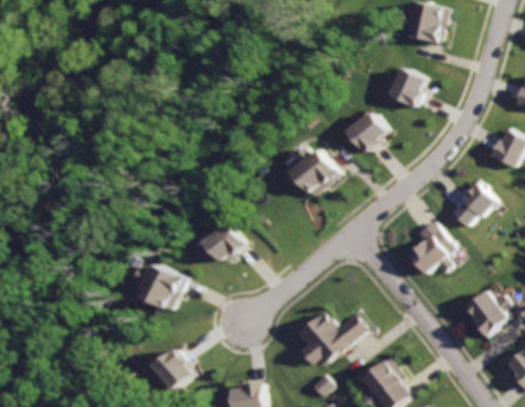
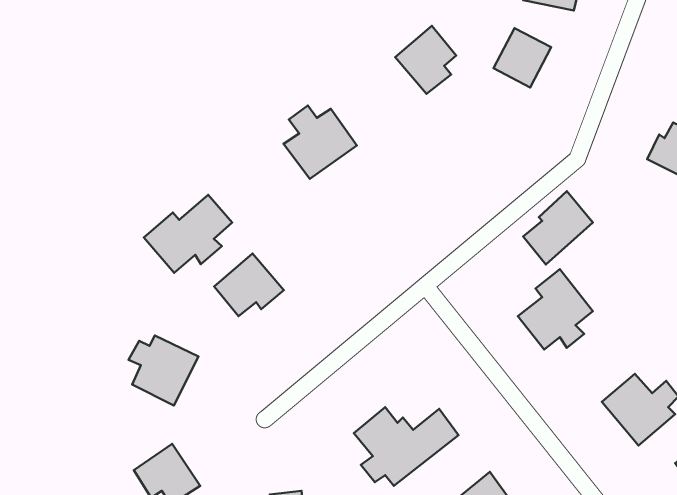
building: [342,102,384,148] -> [395,26,456,94]
building: [296,152,346,202] -> [284,105,357,179]
building: none -> [144,195,232,273]
building: [450,182,498,231] -> [523,191,593,264]

